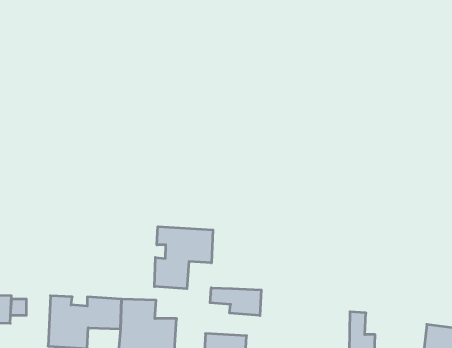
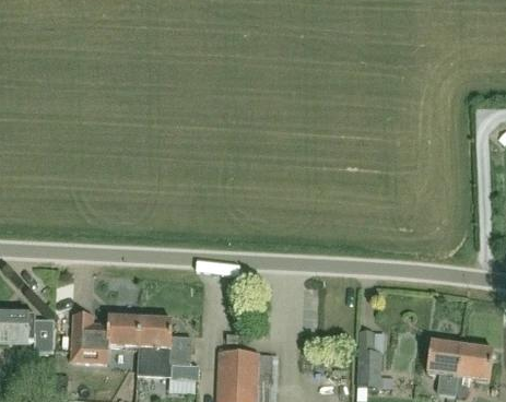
building: [154,227,213,289] -> none
building: [210,288,261,316] -> none

